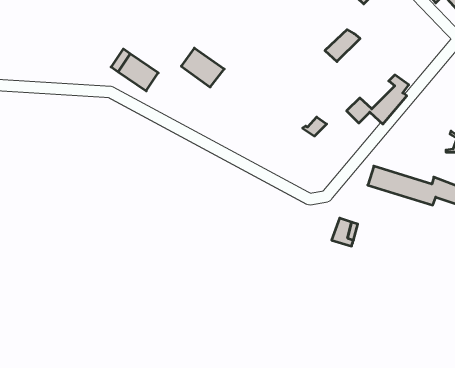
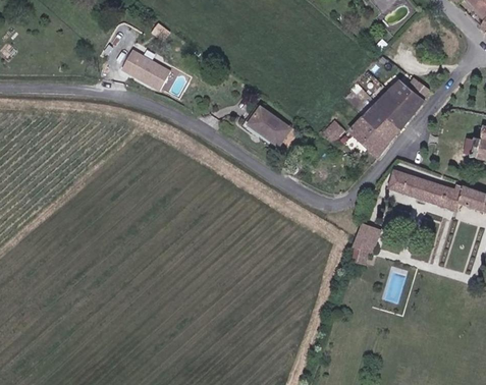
building: [325,30,360,62] -> [379,79,415,112]
building: [181,48,224,87] -> [248,104,291,144]
building: none -> [349,114,389,155]

